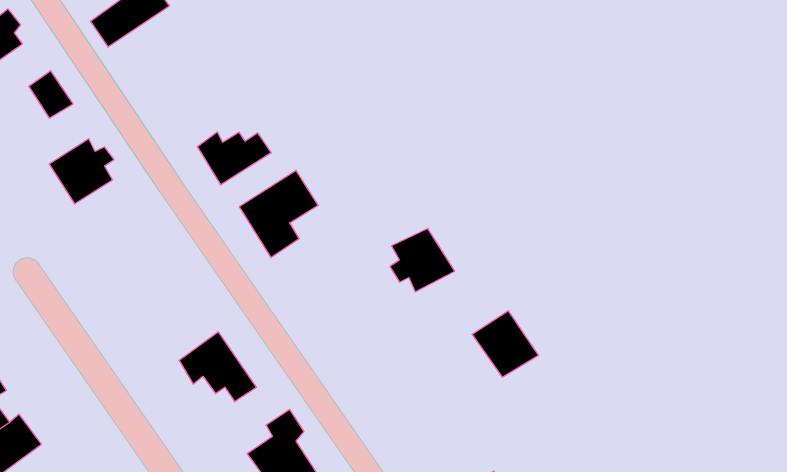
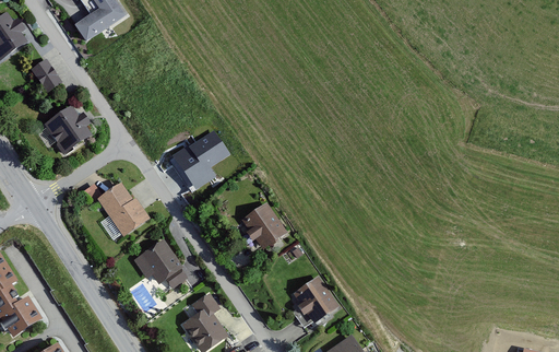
building: [197,132,271,185] -> none
building: [390,228,455,292] -> [241,203,286,247]
building: none -> [95,183,150,235]
building: [472,311,539,377] -> [292,277,337,322]

